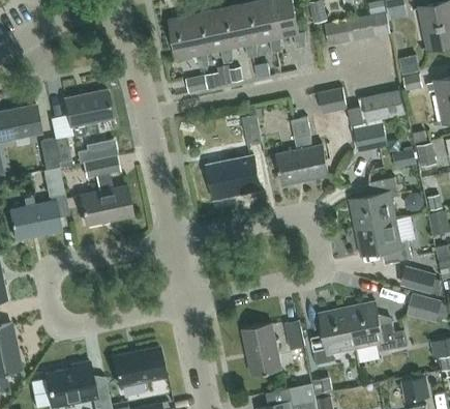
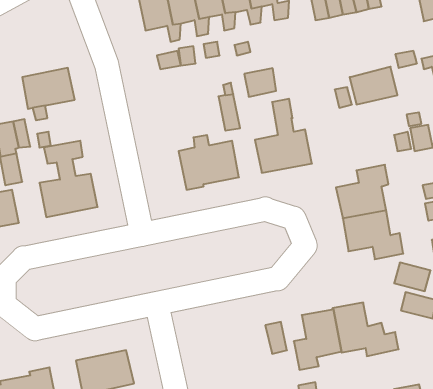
building: [317,86,346,112] -> [244,68,276,97]
building: [354,123,386,151] -> none
building: [242,324,281,376] -> none

